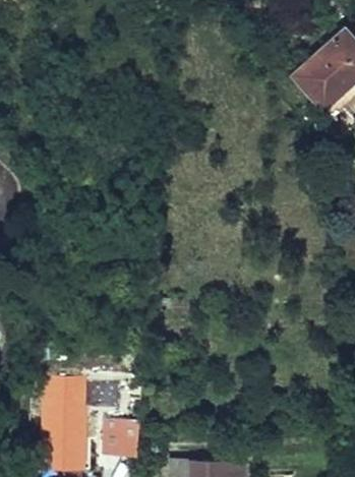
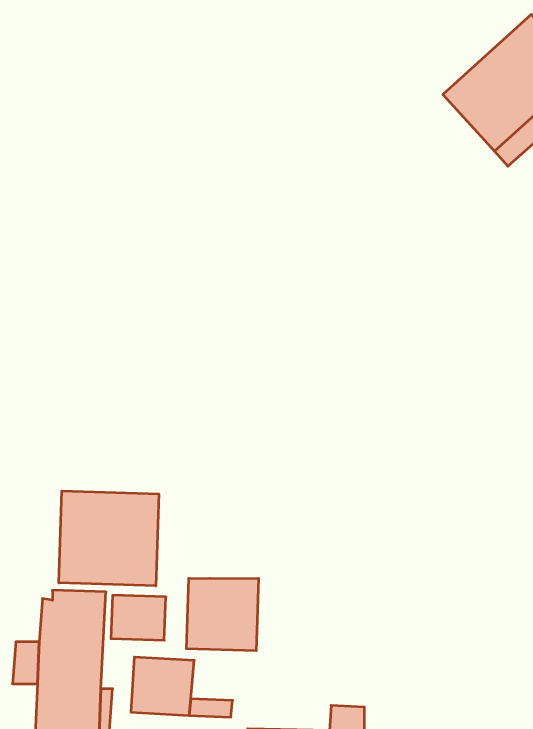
building: none -> [59,491,159,586]
building: none -> [186,578,259,651]

